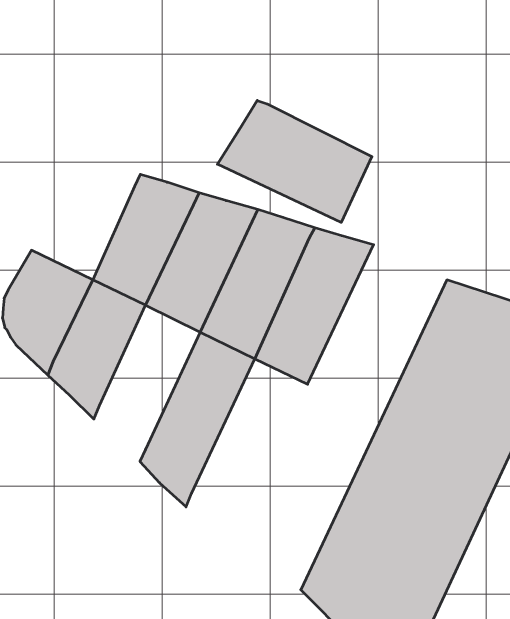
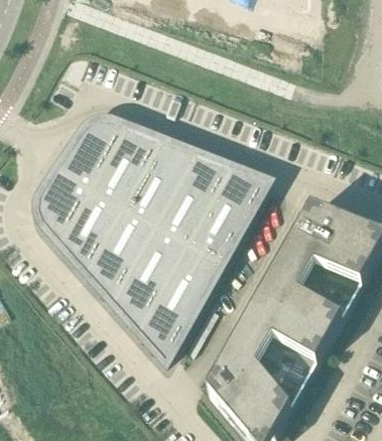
building: [217,100,372,222] -> none
building: none -> [58,116,128,185]
building: none -> [89,203,158,299]
building: none -> [141,242,222,357]

